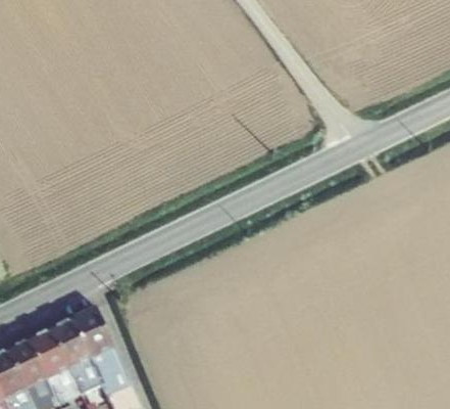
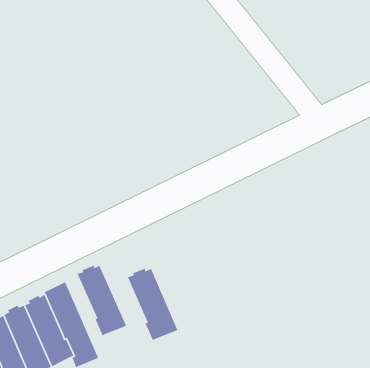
building: none -> [76,264,127,337]
building: none -> [127,268,179,341]

